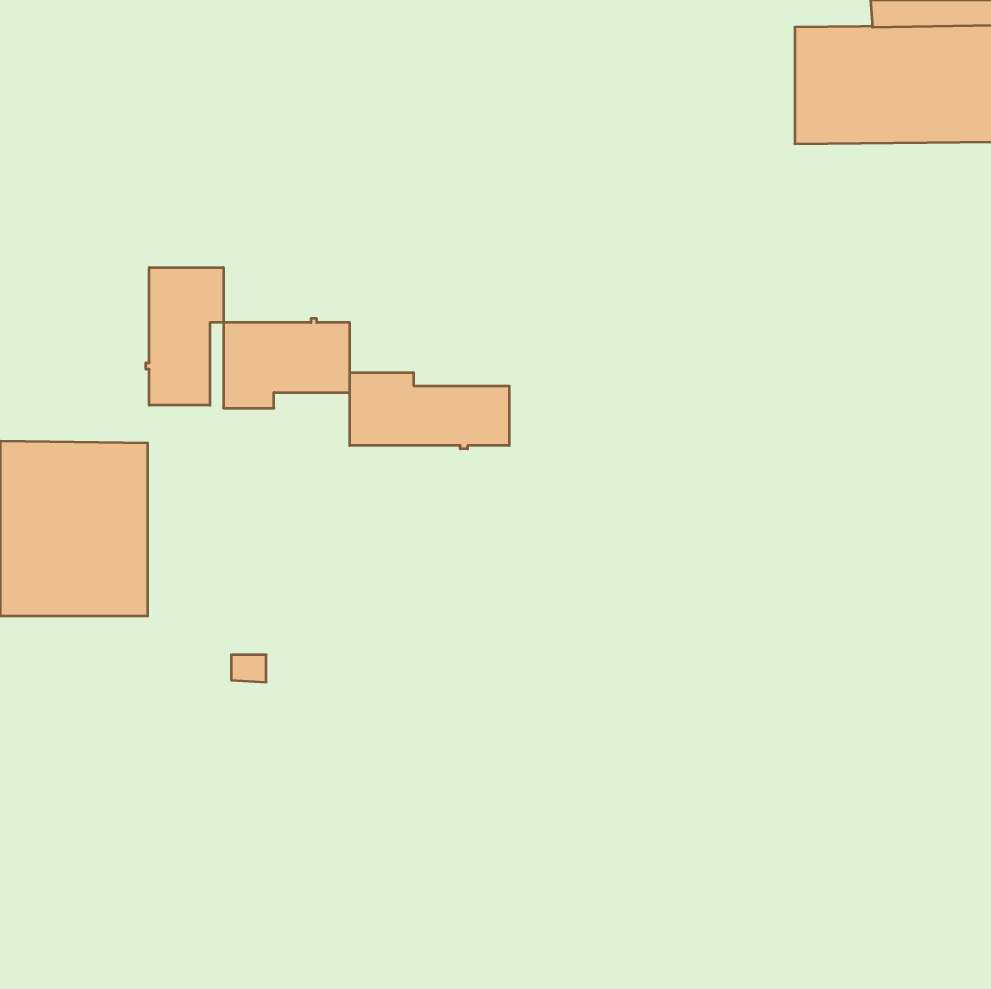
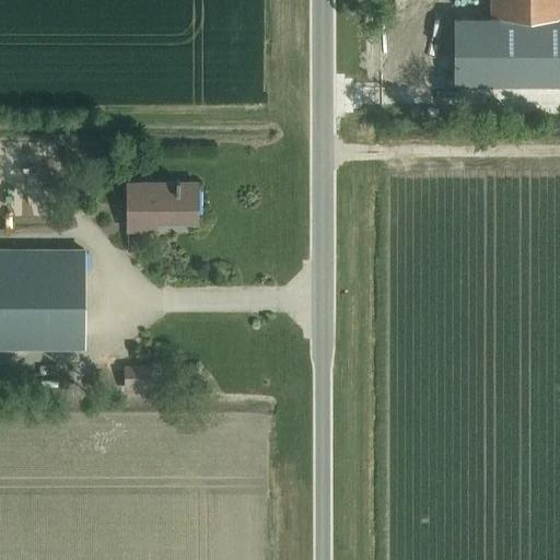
building: [146,267,223,405] -> none
building: [350,373,509,449] -> none

